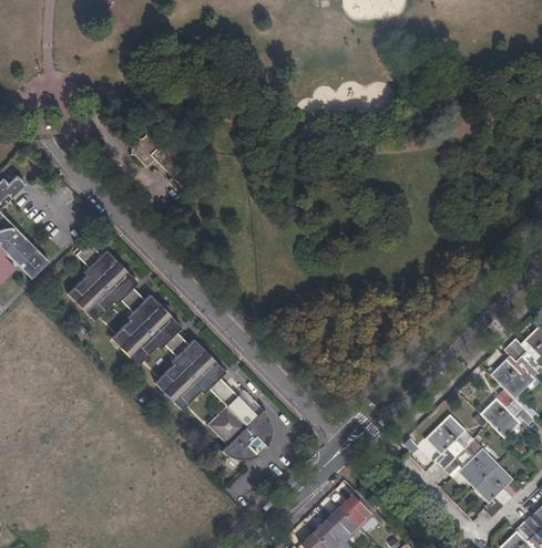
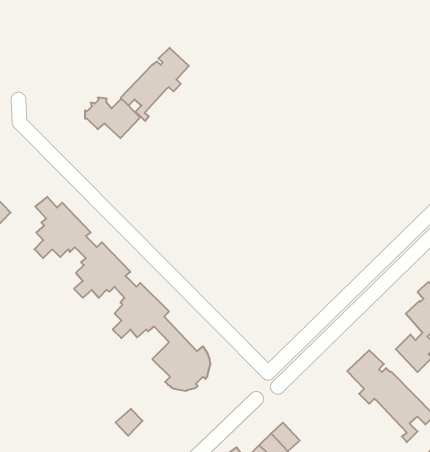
building: none -> [121,48,189,121]
building: none -> [116,409,143,436]

